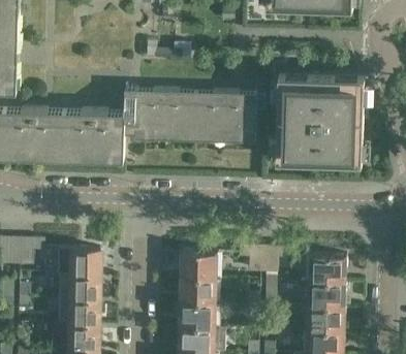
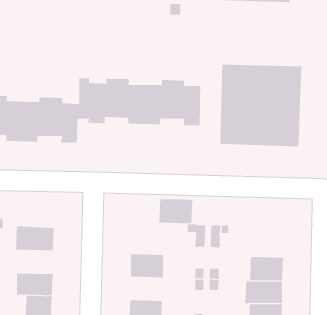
building: [181,254,218,281] -> [159,199,193,224]
building: [310,257,347,284] -> none
building: [58,276,98,301] -> none
building: [180,304,217,330] -> none

